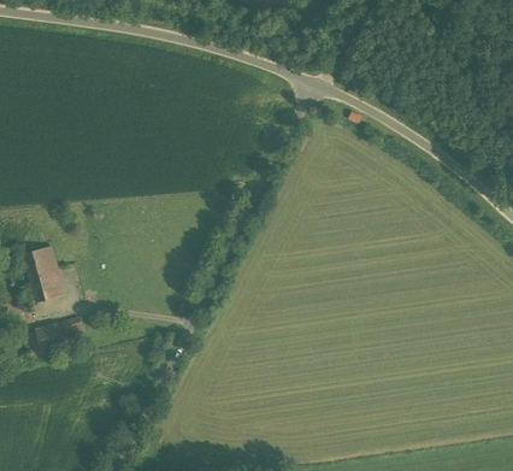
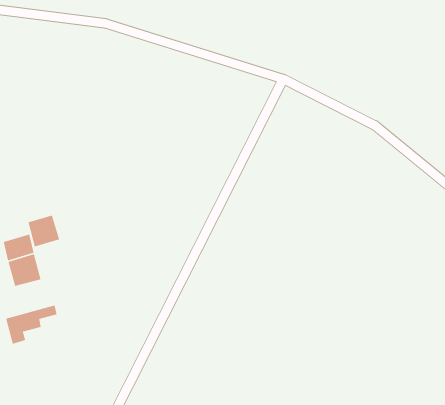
building: none -> [27,214,60,248]

